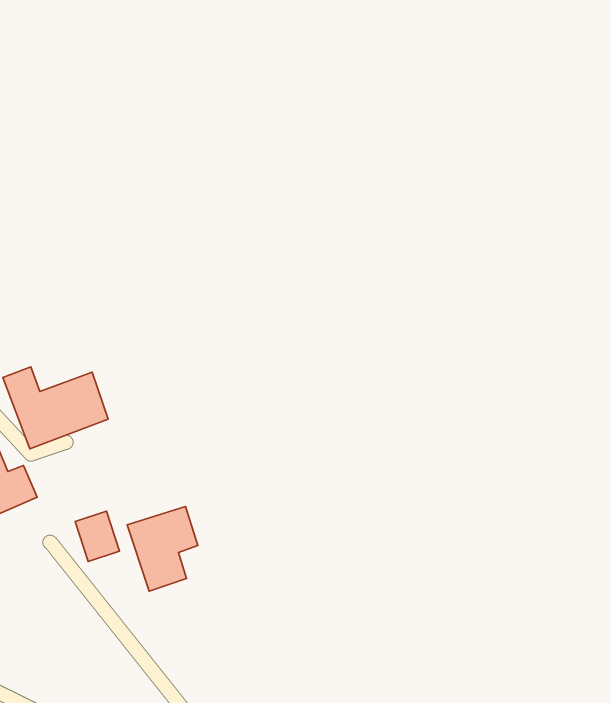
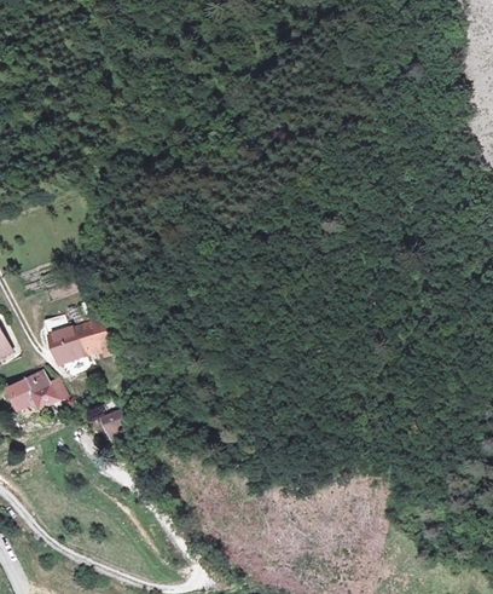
building: [127,507,198,591] -> none

